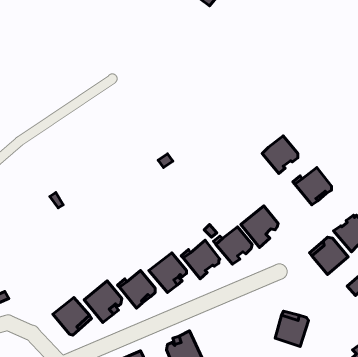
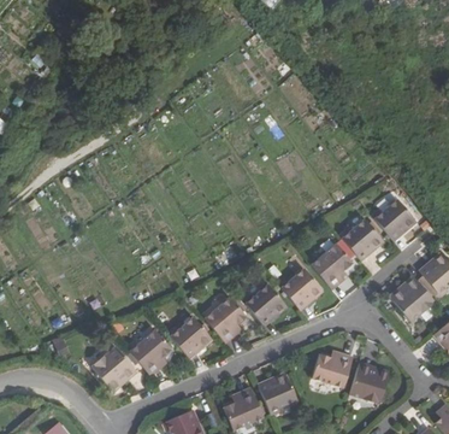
building: [262,136,298,173] -> [341,217,382,260]
building: none -> [311,351,353,388]
building: none -> [256,371,297,410]

